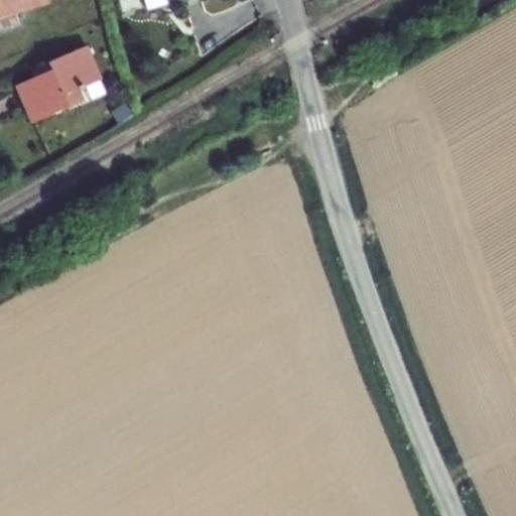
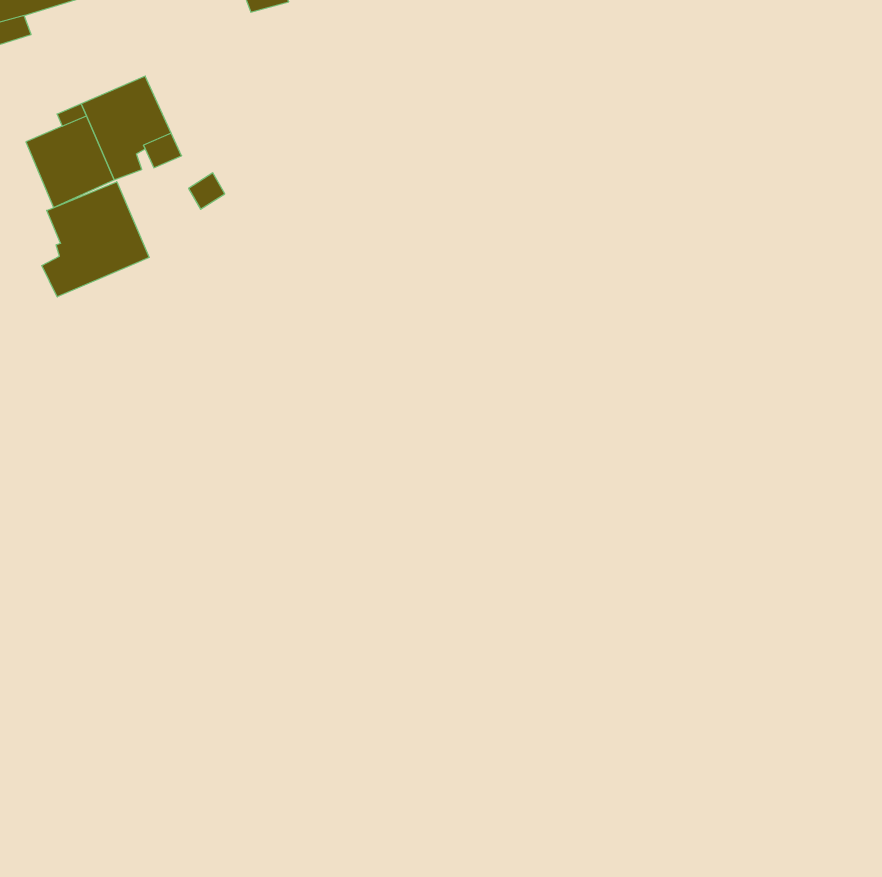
building: none -> [42,182,149,297]

